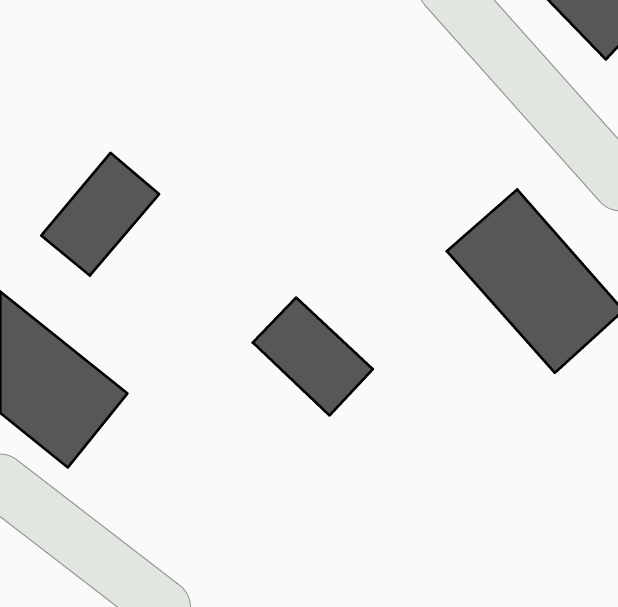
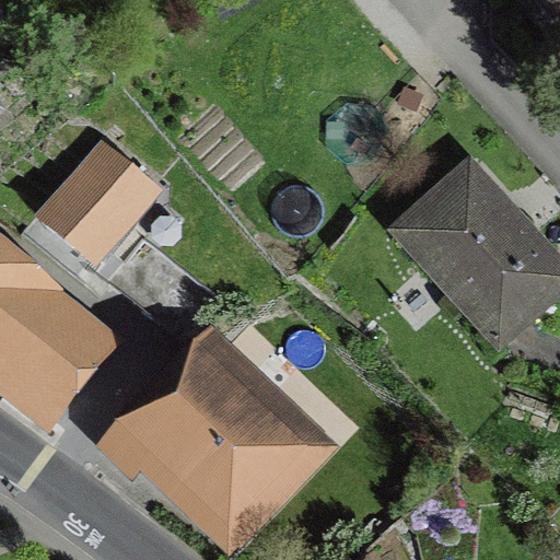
building: [253,298,373,415] -> none
building: none -> [127,351,304,525]

